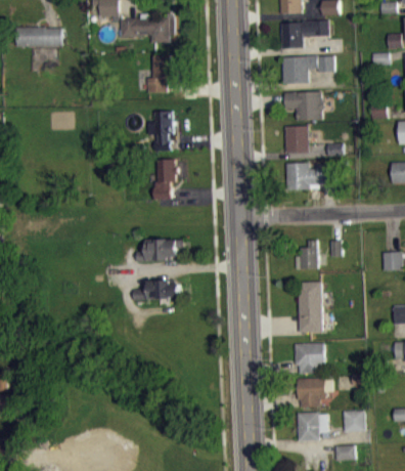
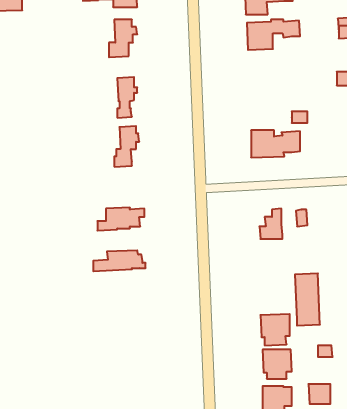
building: [283,91,321,121] -> none
building: [284,126,307,153] -> none
building: [298,281,322,332] -> [295,273,320,326]

